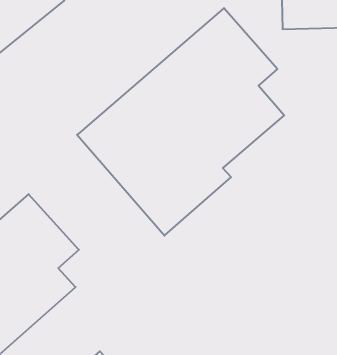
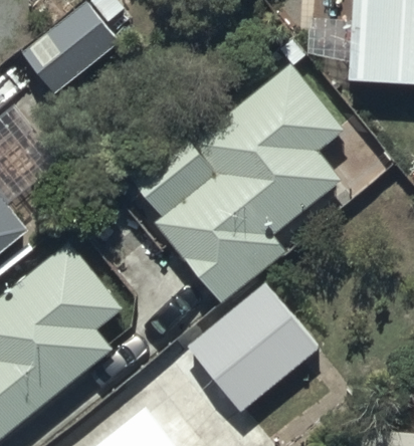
building: none -> [176,274,318,415]

